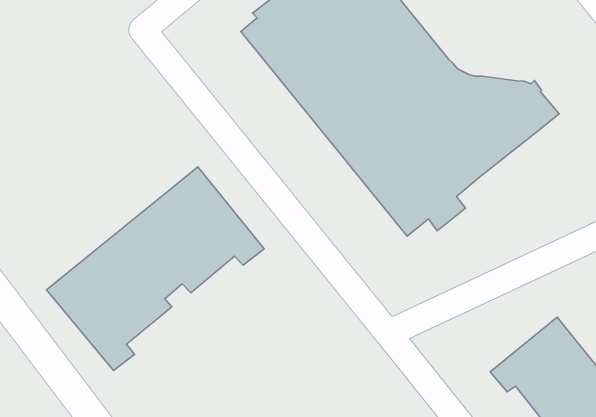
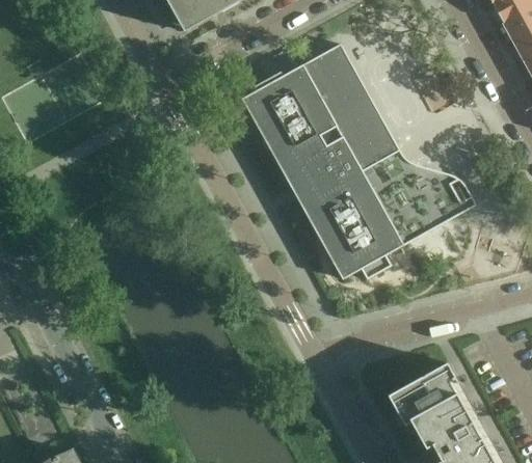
building: [47,167,264,371] -> none

